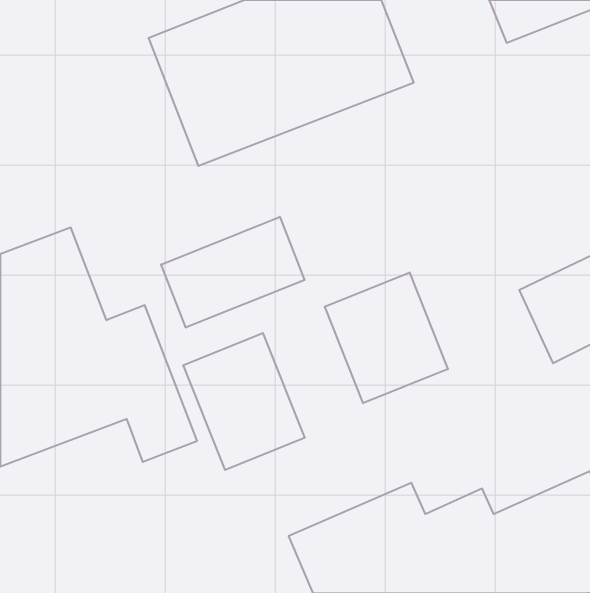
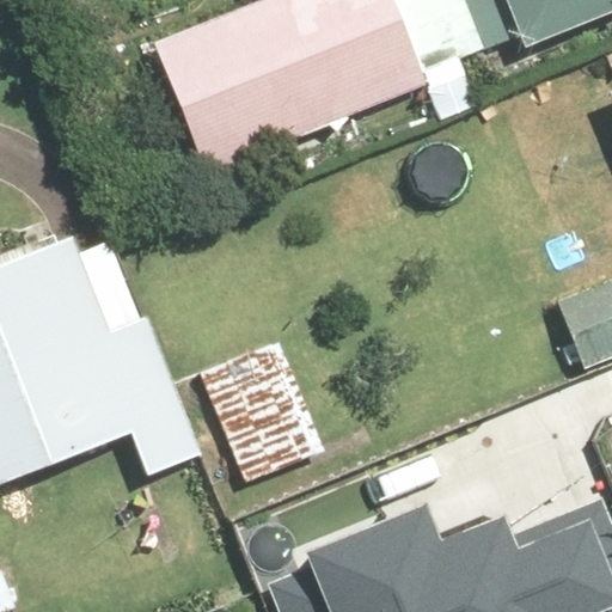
building: [161,217,305,328] -> none
building: [325,272,448,403] -> none

